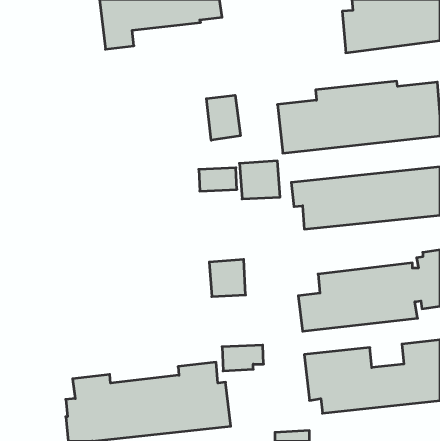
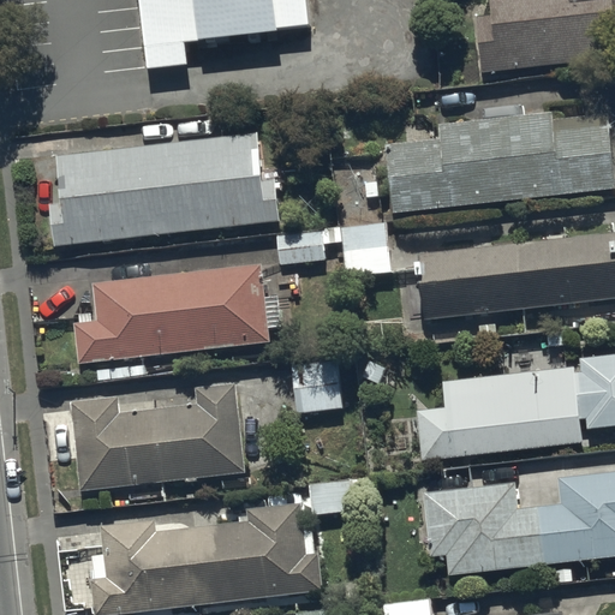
building: [206,95,240,140] -> none
building: none -> [49,133,279,246]
building: none -> [73,267,268,364]
building: none -> [70,383,244,490]

